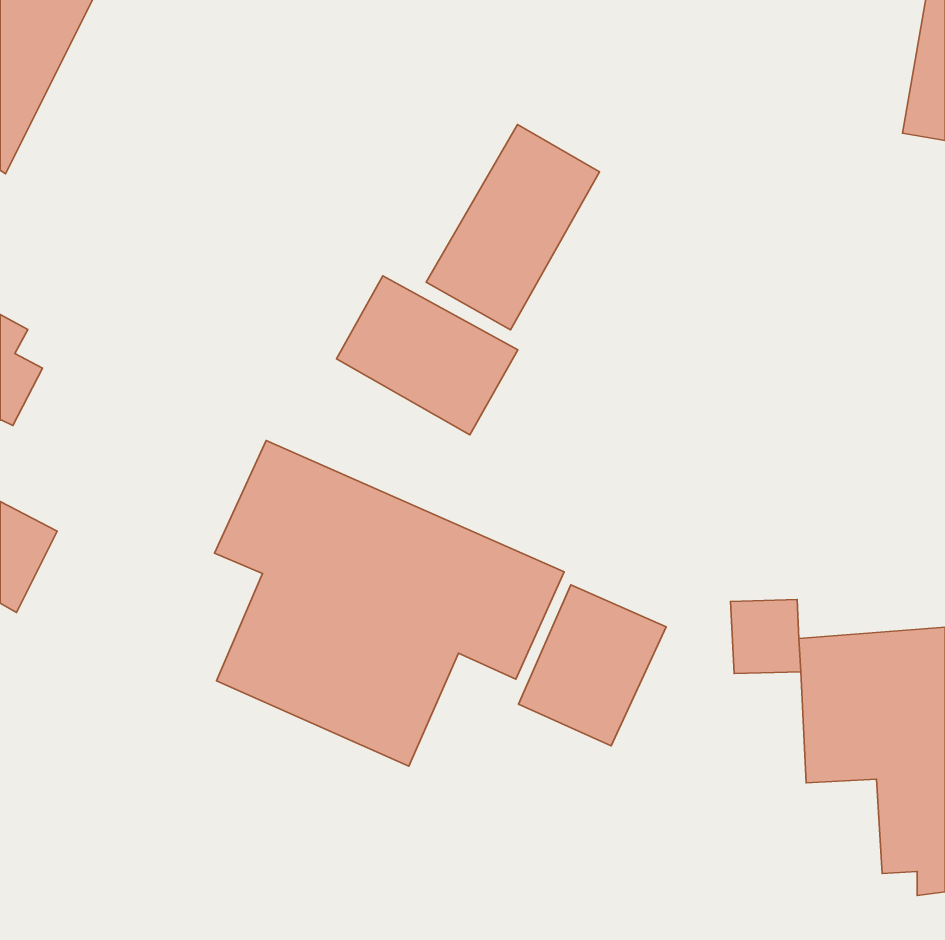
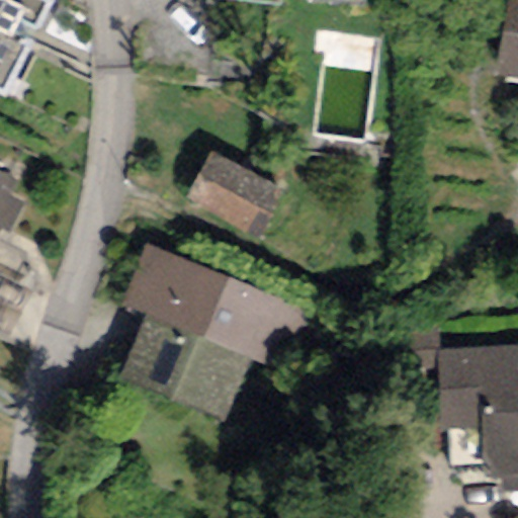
building: [426,124,599,330] -> none
building: [519,585,666,746] -> none

